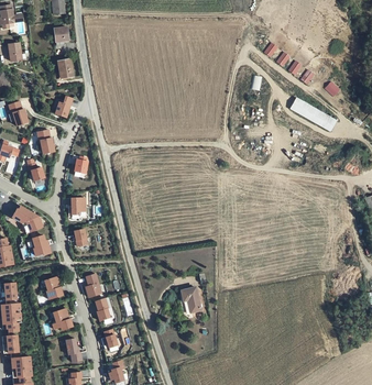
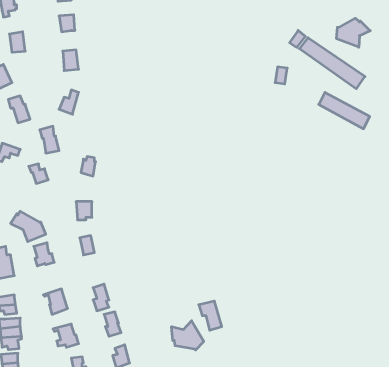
building: none -> [337,18,370,47]
building: none -> [172,321,204,350]

